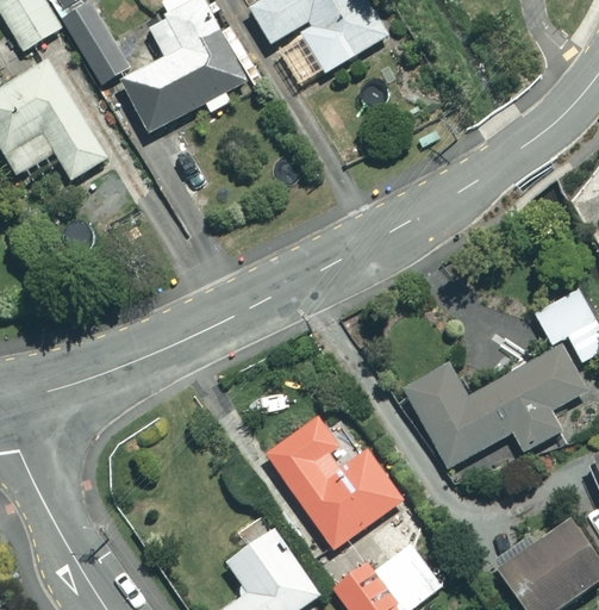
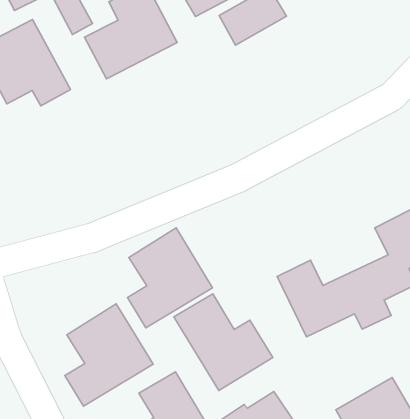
building: none -> [128,228,213,328]
building: none -> [65,304,153,406]

